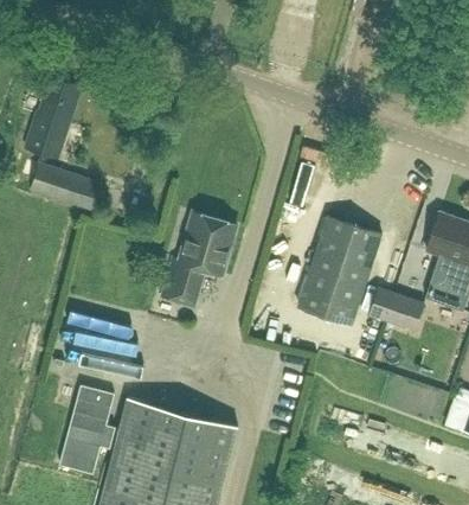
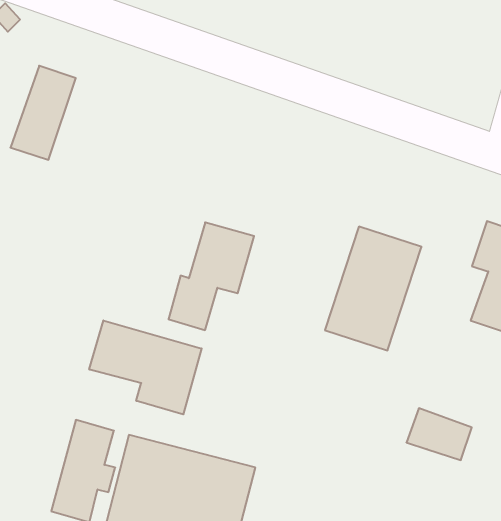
building: [30,162,101,212] -> none
building: [367,287,424,332] -> [406,408,472,460]
building: none -> [89,320,202,414]

